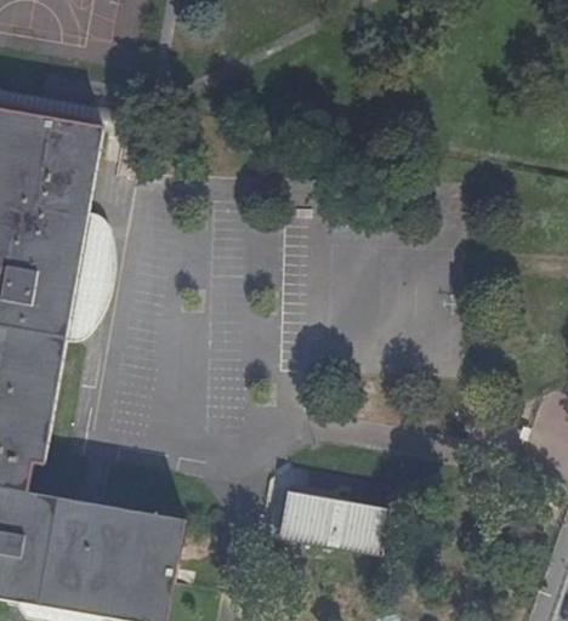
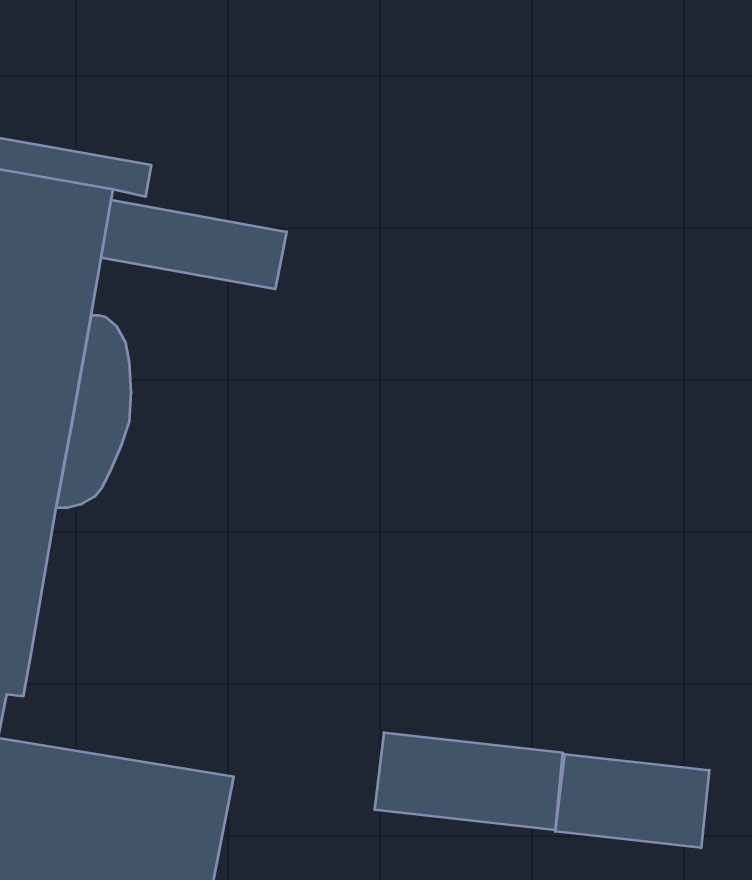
building: none -> [101,200,287,289]
building: none -> [555,754,709,848]

